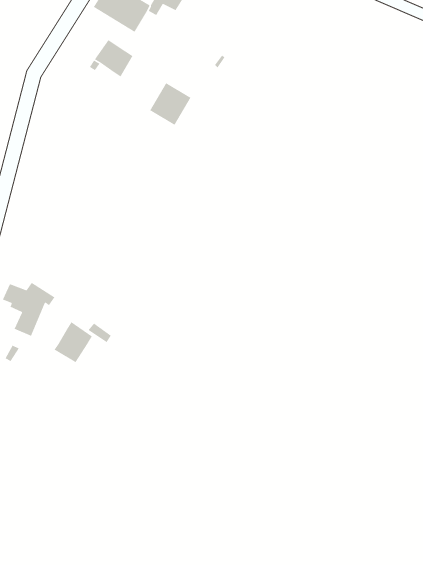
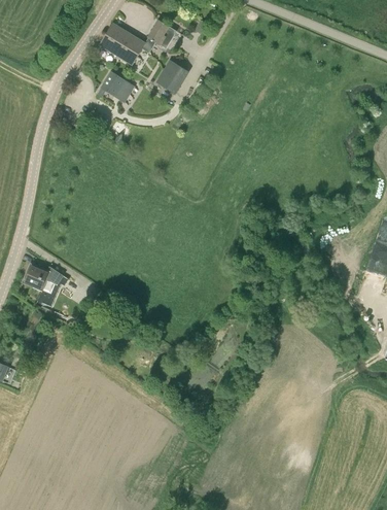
building: [149,82,191,126] -> [154,59,188,94]
building: [53,321,93,363] -> none

